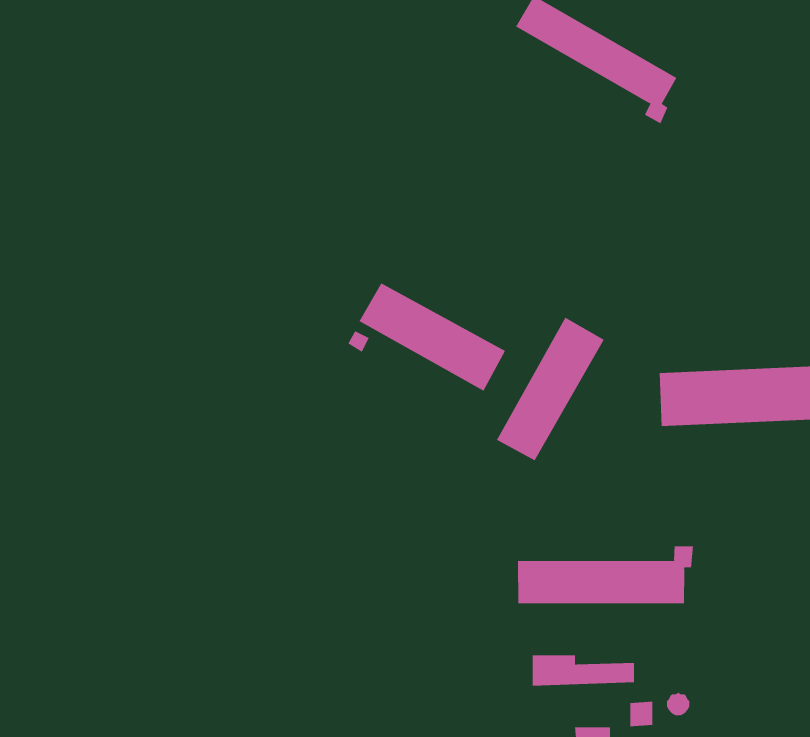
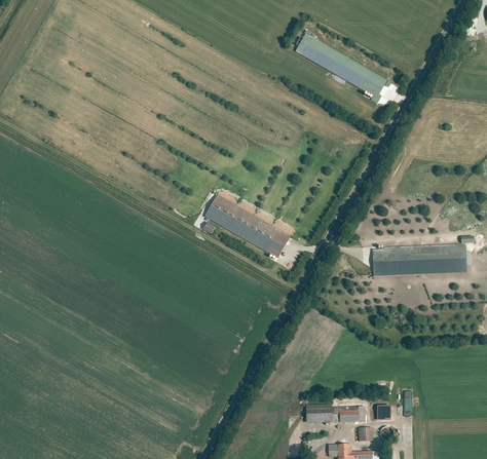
building: [496,317,605,461] -> none
building: [518,545,693,604] -> none

